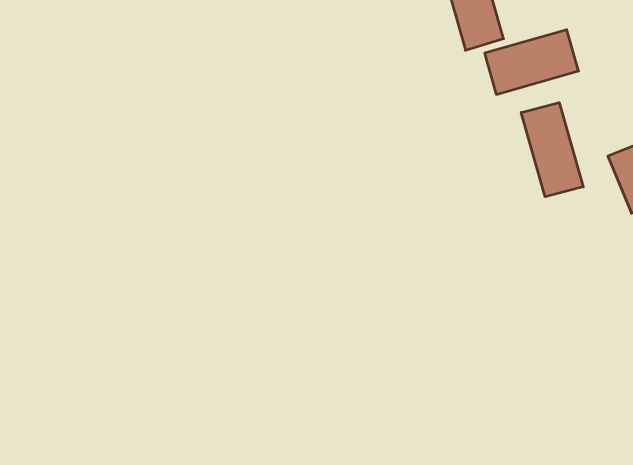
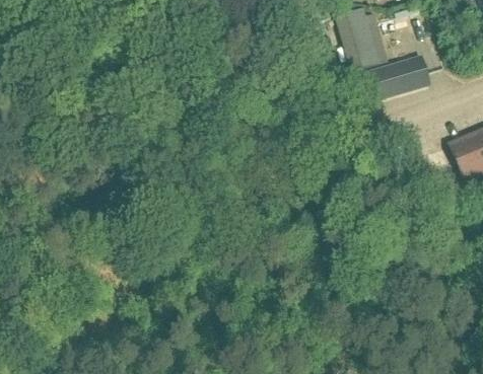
building: [521,103,583,197] -> none

